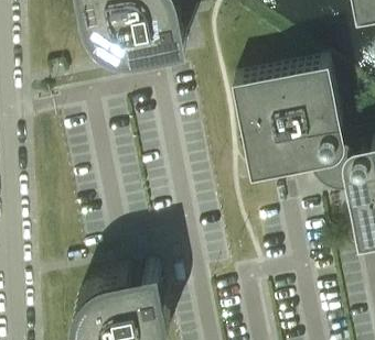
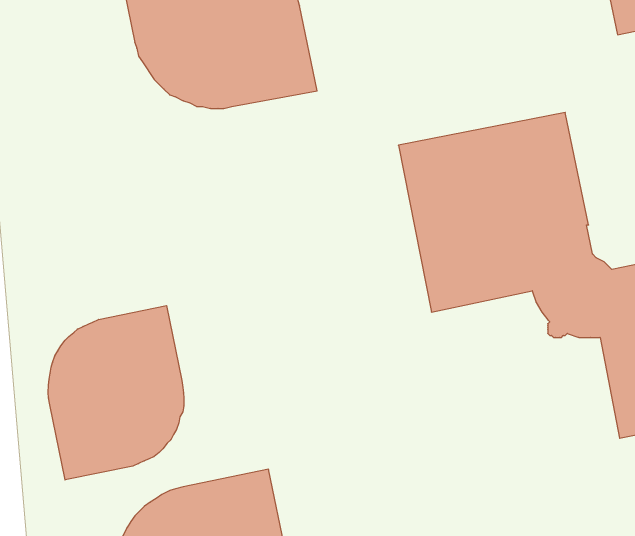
building: none -> [48,306,184,480]

